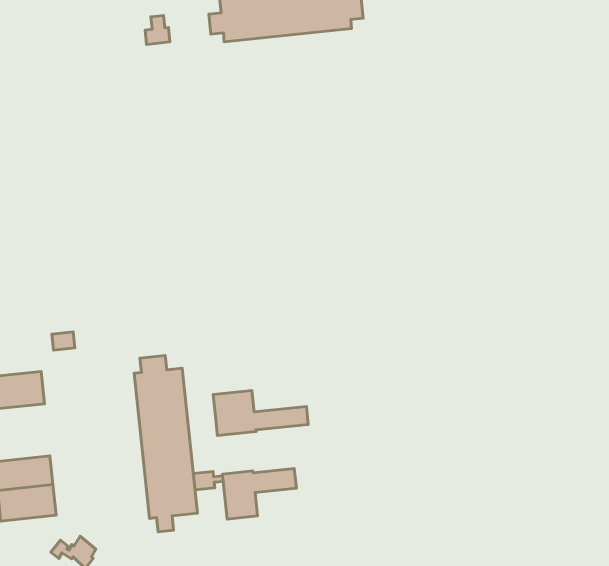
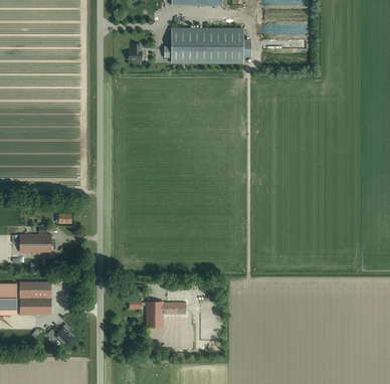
building: [134,356,197,532] -> none
building: [213,390,308,436] -> none

